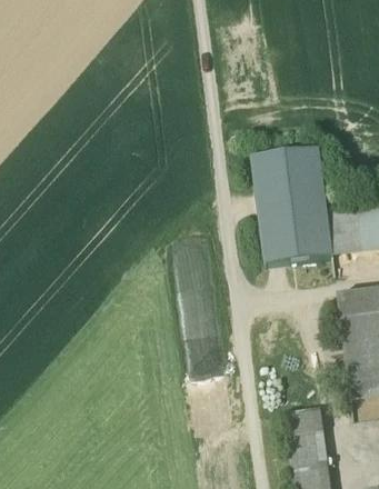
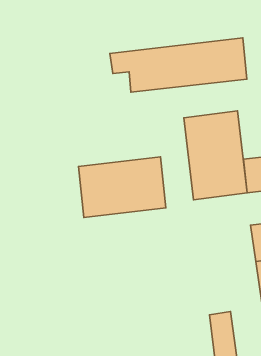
building: none -> [110,38,247,92]
building: none -> [79,157,166,217]

